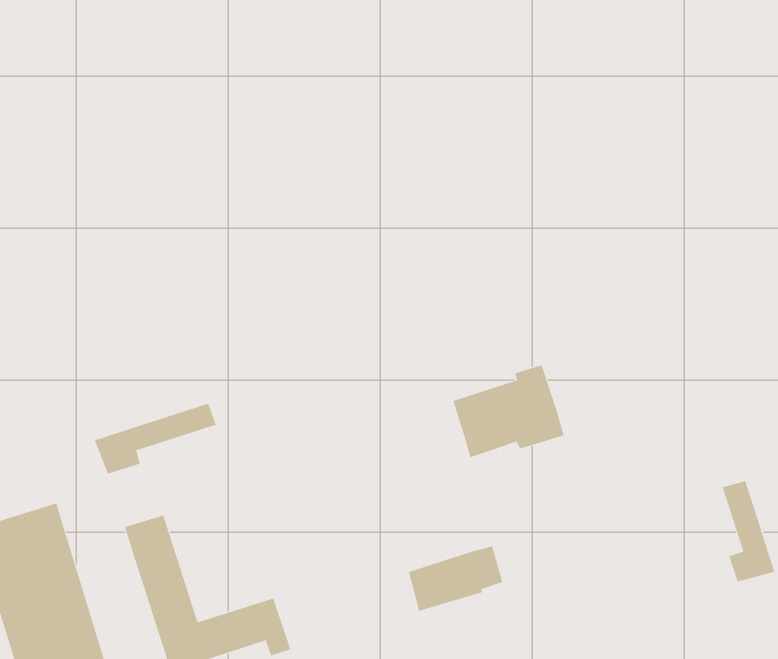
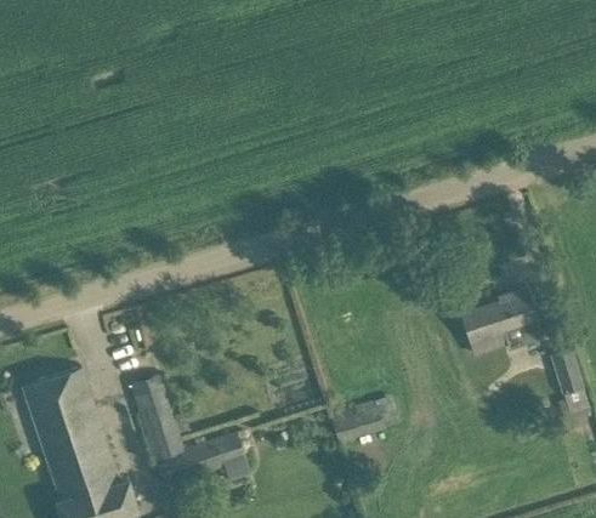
building: [452,365,564,458] -> [460,286,539,352]
building: [94,403,217,474] -> none

